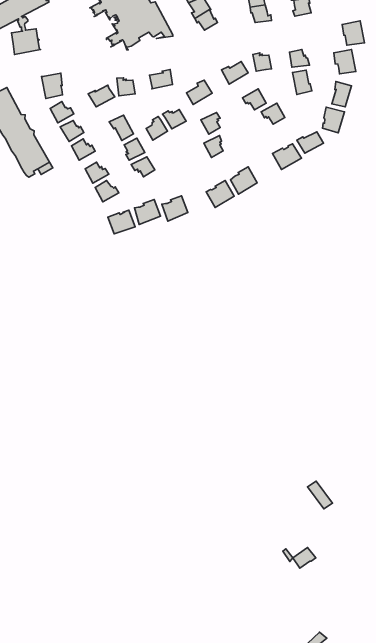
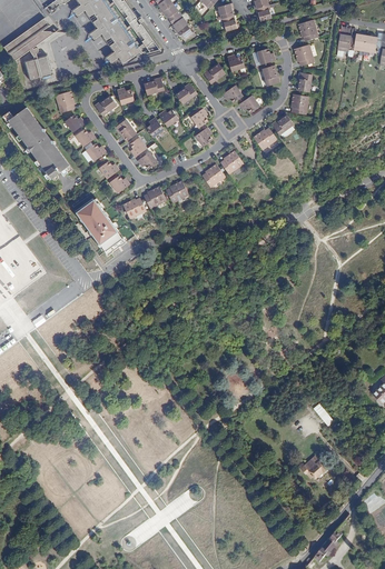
building: none -> [78,199,125,251]

